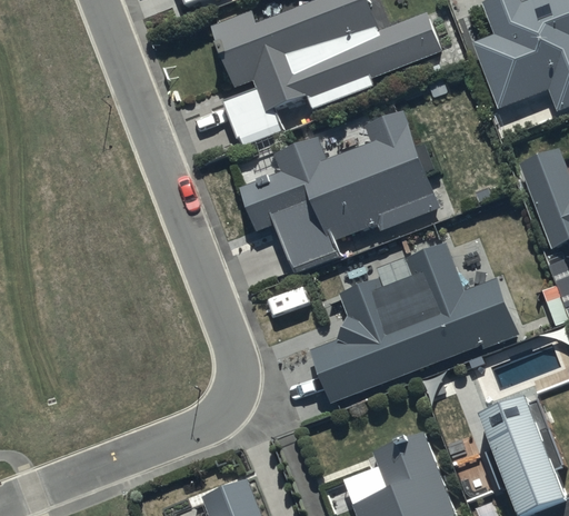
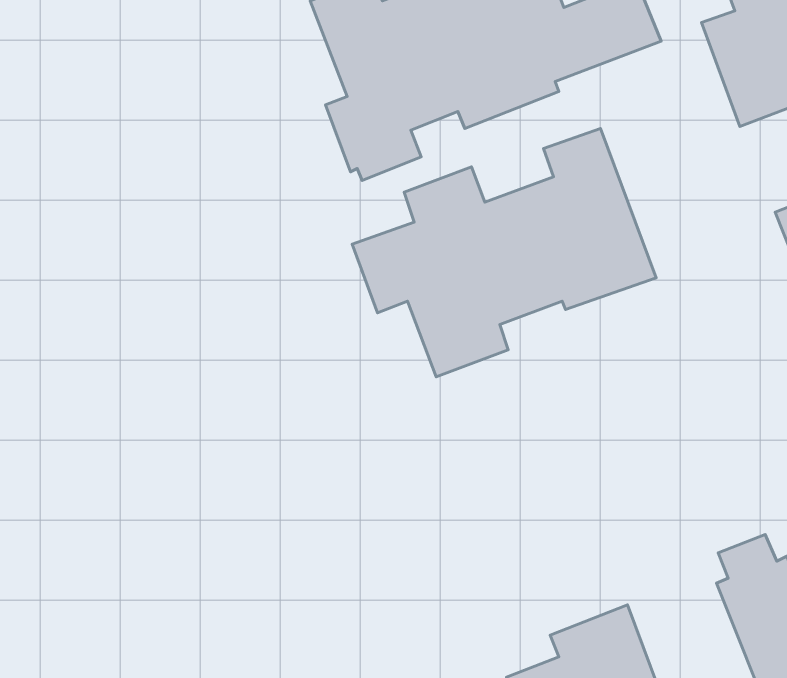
building: [310,241,519,403] -> none

